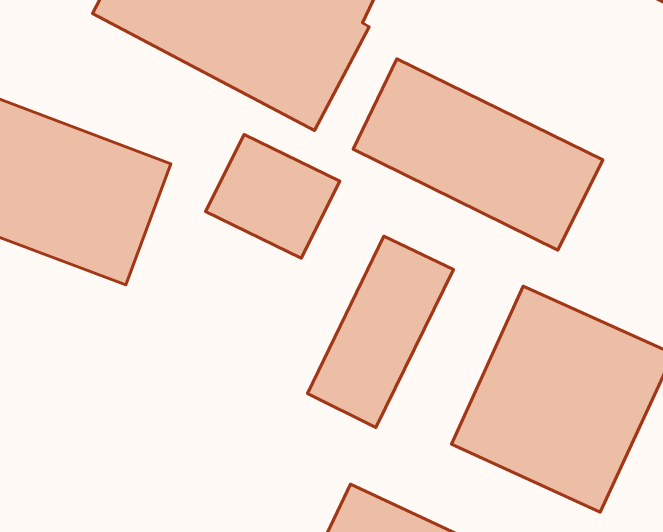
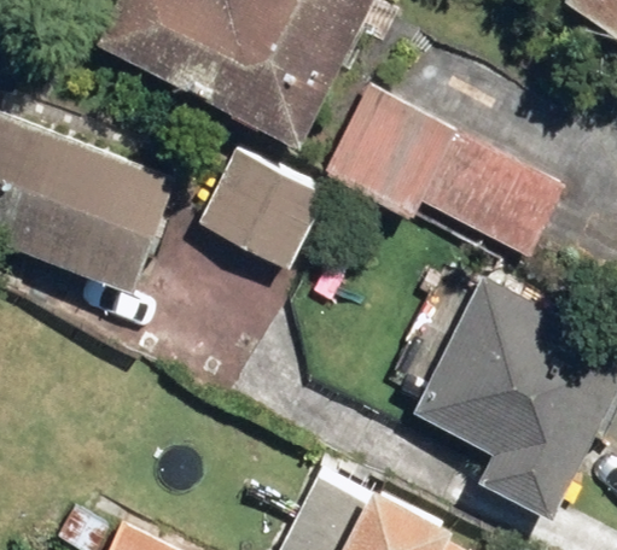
building: [307,236,453,427] -> none

